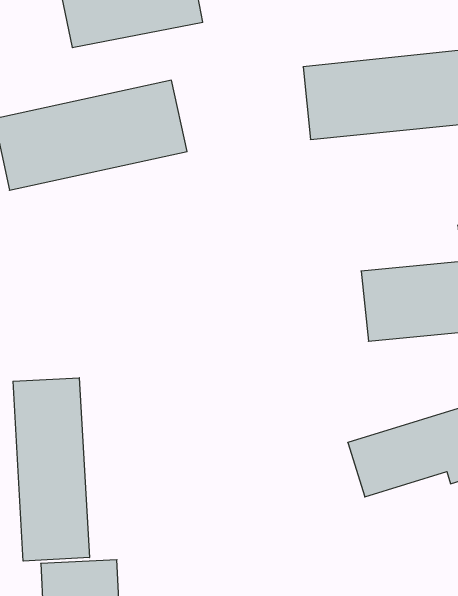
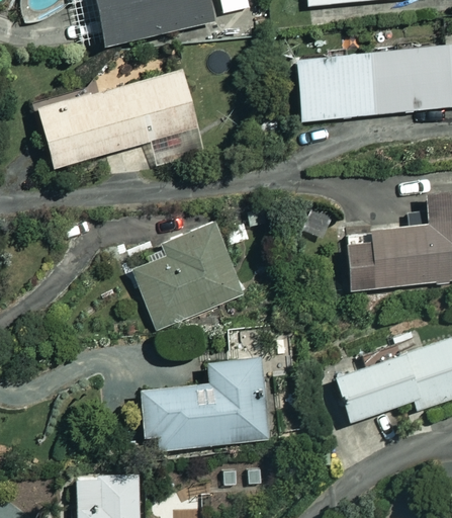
building: none -> [127,223,245,331]
building: [13,378,89,561] -> none
building: none -> [140,359,286,448]

